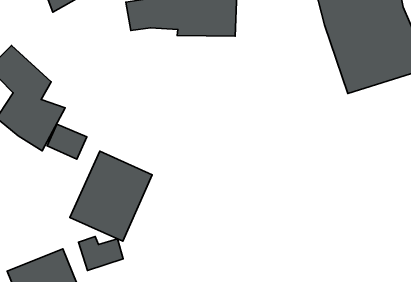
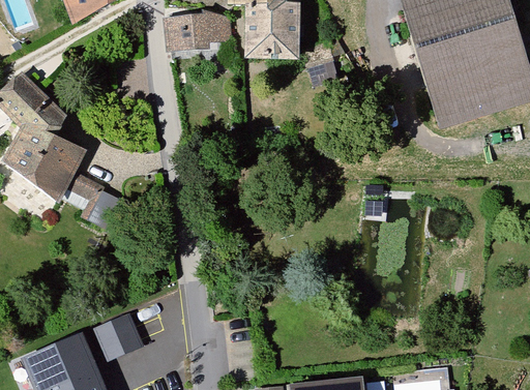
building: [70,151,152,241] -> none

